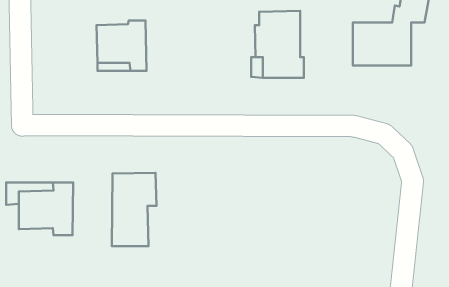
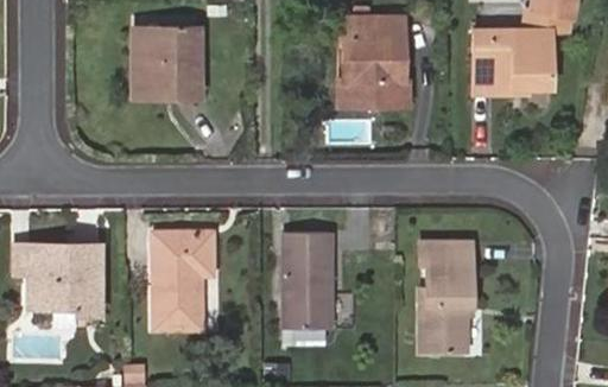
building: none -> [285,230,332,325]
building: none -> [422,239,474,351]

